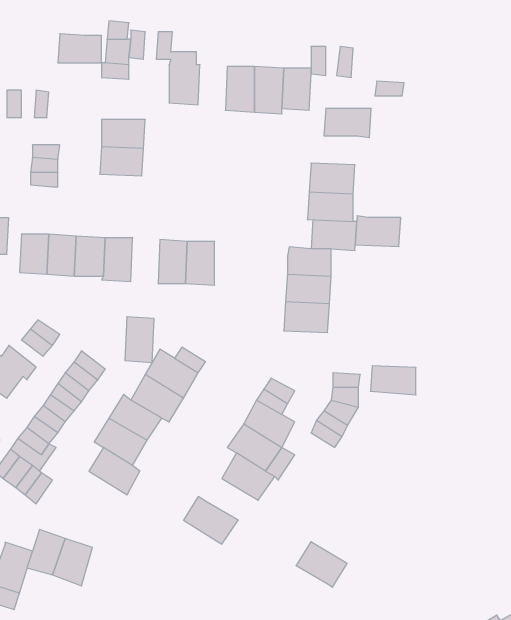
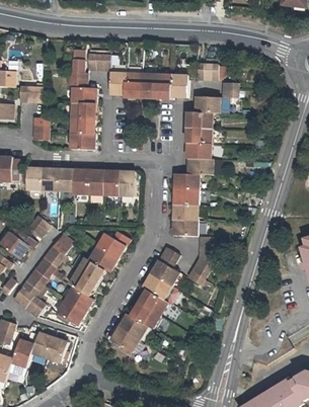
building: [58,34,102,63] -> [71,87,95,103]
building: none -> [125,73,141,98]
building: none -> [69,134,93,150]
building: [355,216,401,247] -> [187,111,213,129]
building: [125,317,154,362] -> [87,169,103,194]
building: [370,366,416,395] -> [171,221,197,237]
building: none -> [56,299,85,325]
building: none -> [108,326,138,353]
building: [296,542,347,587] -> [130,303,158,328]

